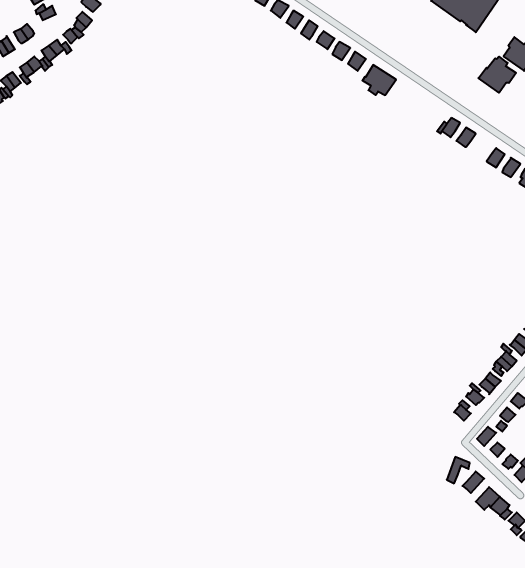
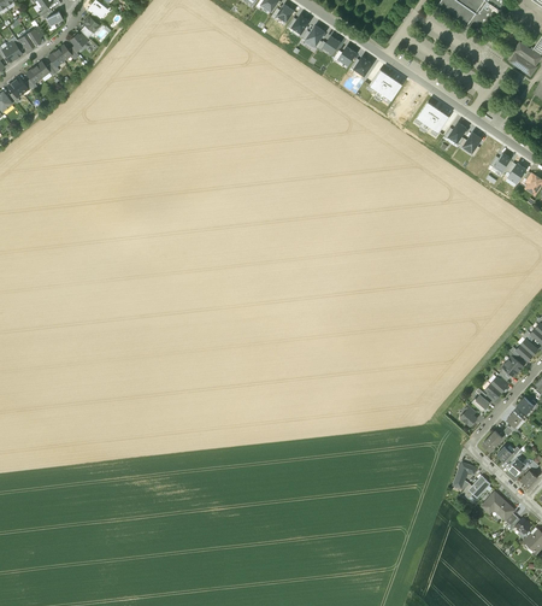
building: [478,57,516,93] -> none
building: none -> [417,101,449,133]

